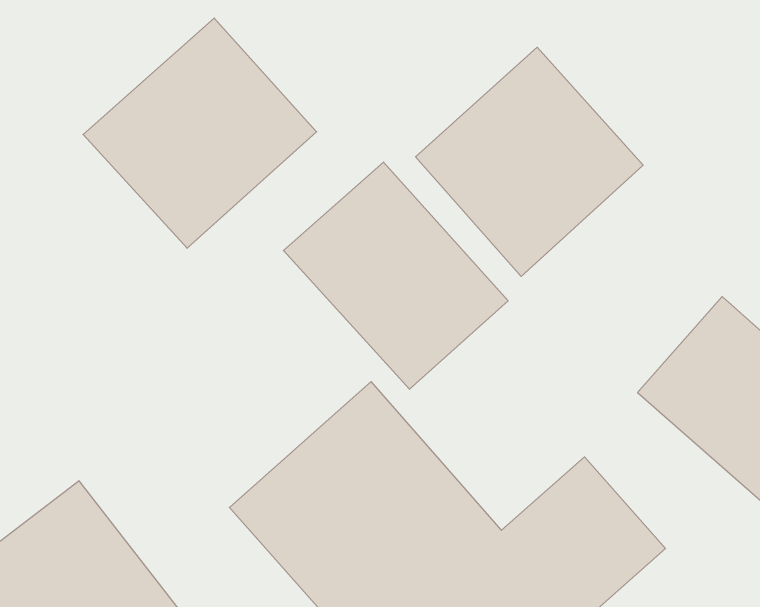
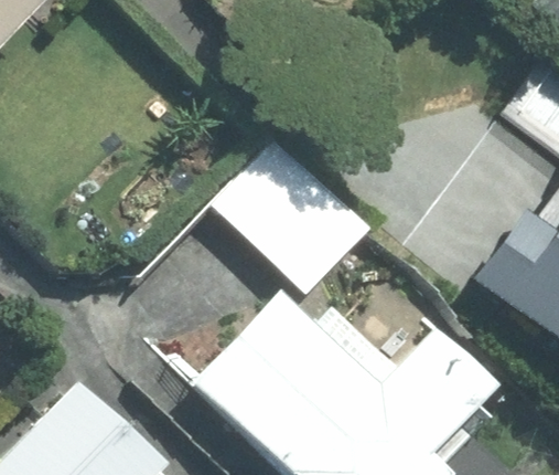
building: [83,18,317,248] -> none
building: [416,47,643,276] -> none

